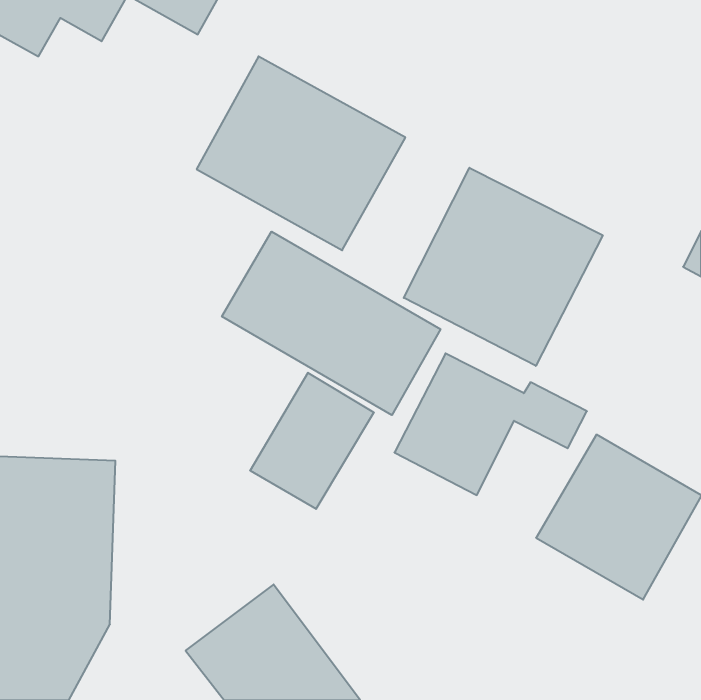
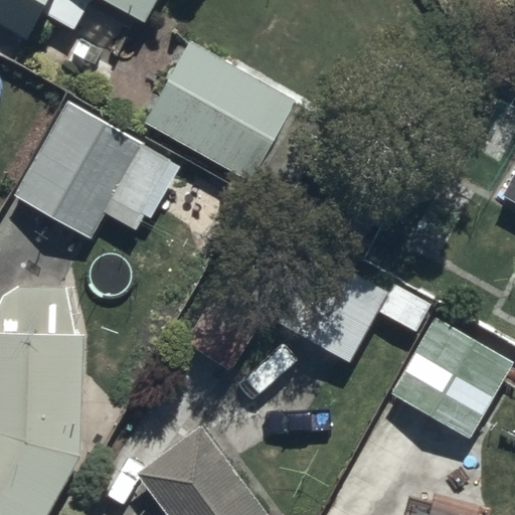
building: none -> [11,100,174,239]
building: [404,168,603,366] -> none
building: [222,232,440,415] -> none

